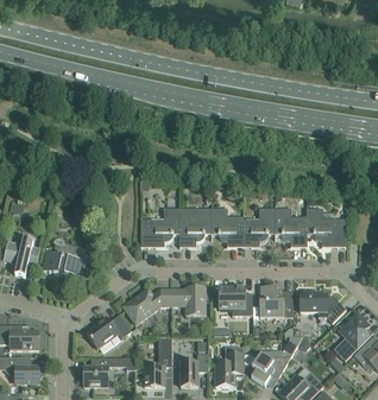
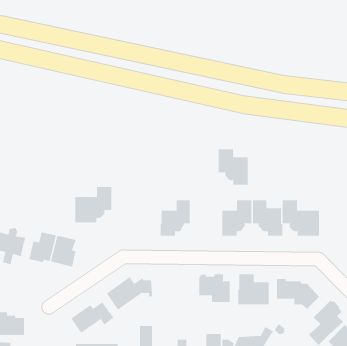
building: [140,210,179,248] -> [74,186,112,223]
building: [210,210,242,248] -> [218,149,249,185]
building: [170,288,204,317] -> none

